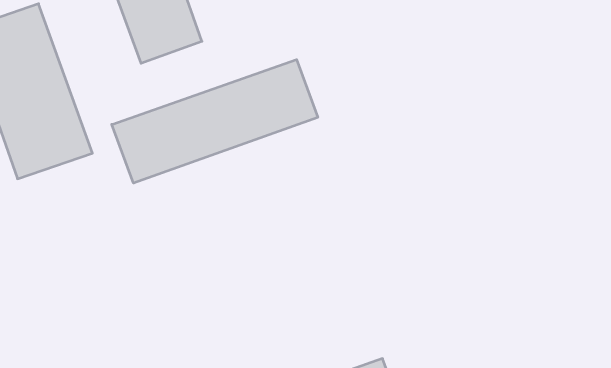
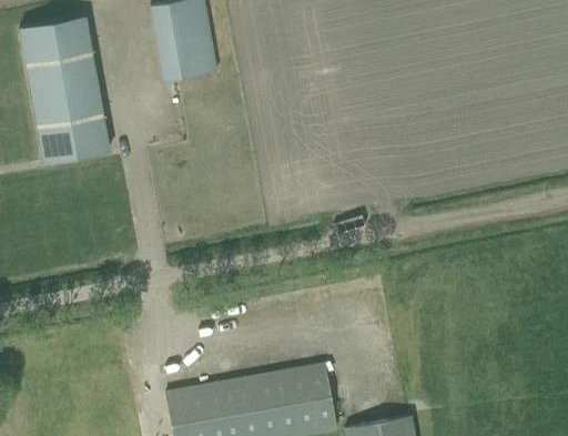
building: [112,60,318,183] -> none

